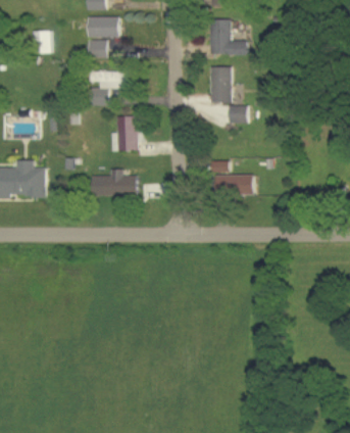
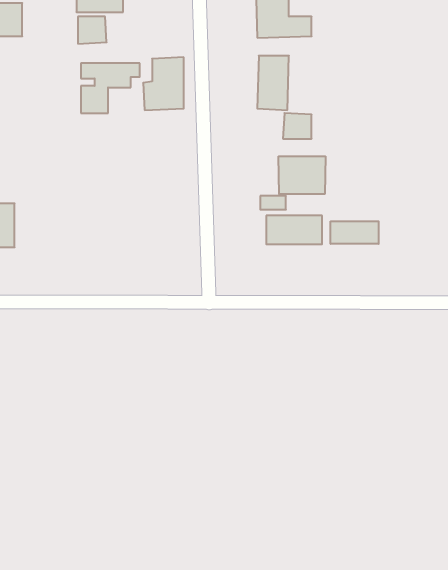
building: [109,115,137,151] -> [143,57,184,110]
building: none -> [279,156,325,194]
building: [91,170,137,195] -> none
building: none -> [331,221,379,244]

